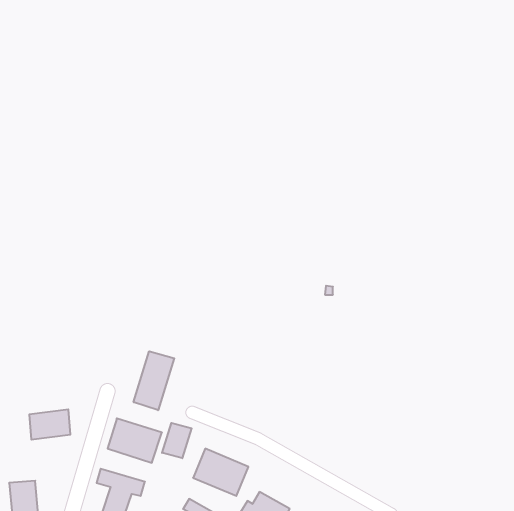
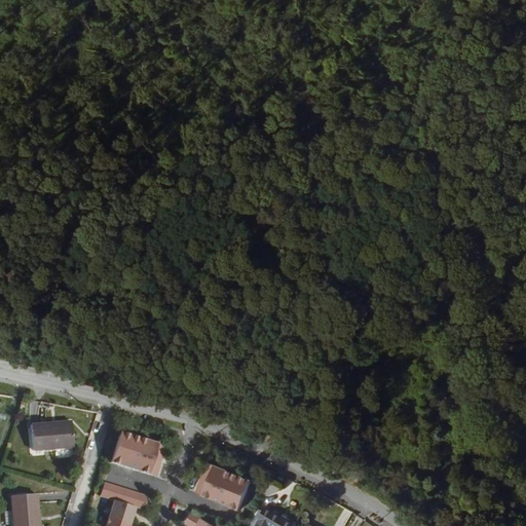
building: [134,351,174,410] -> none
building: [162,423,192,458] -> none

